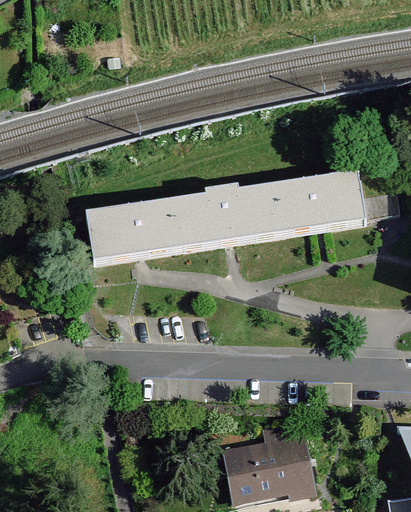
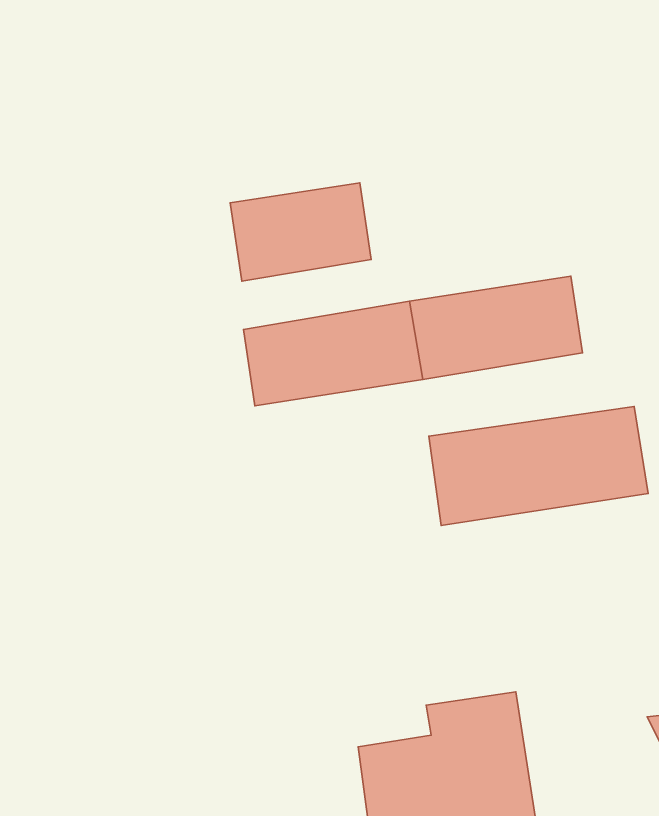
building: [76,202,161,261] -> [230,183,371,281]
building: none -> [429,407,648,526]

